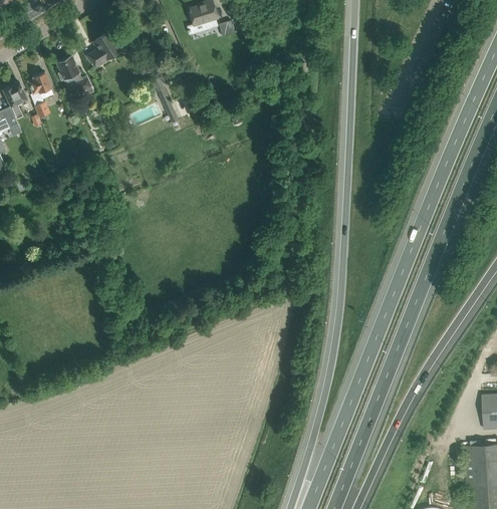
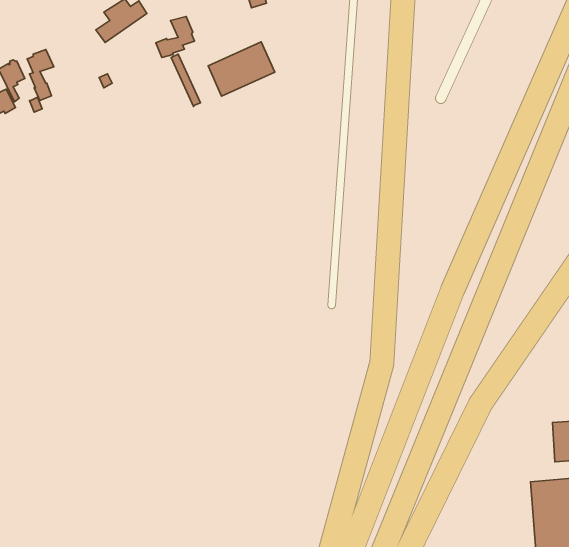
building: none -> [156,16,195,57]
building: [57,56,94,96] -> none
building: none -> [208,42,275,96]

